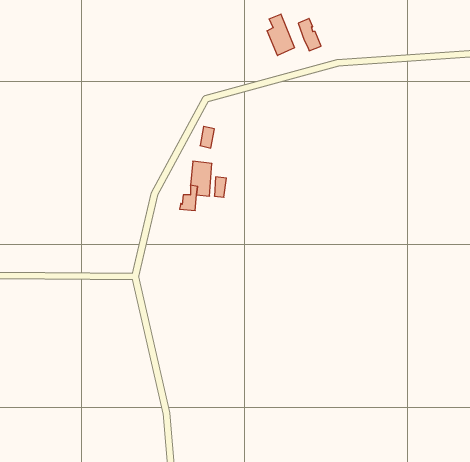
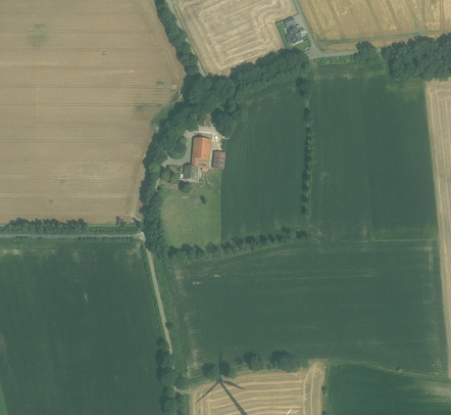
building: [267,14,294,56] -> none

